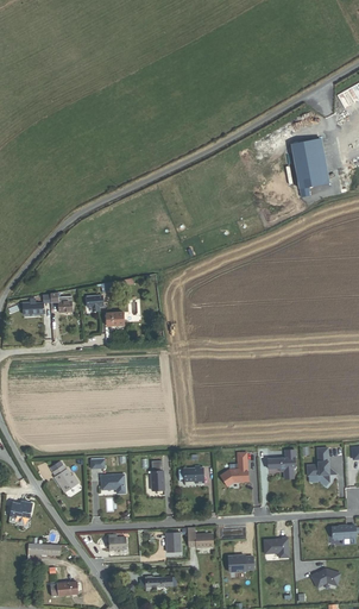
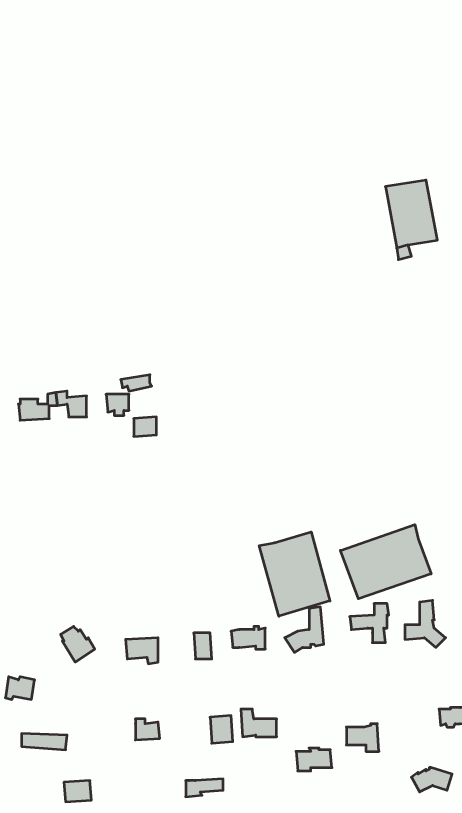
building: none -> [340,525,431,599]
building: none -> [259,532,330,616]

